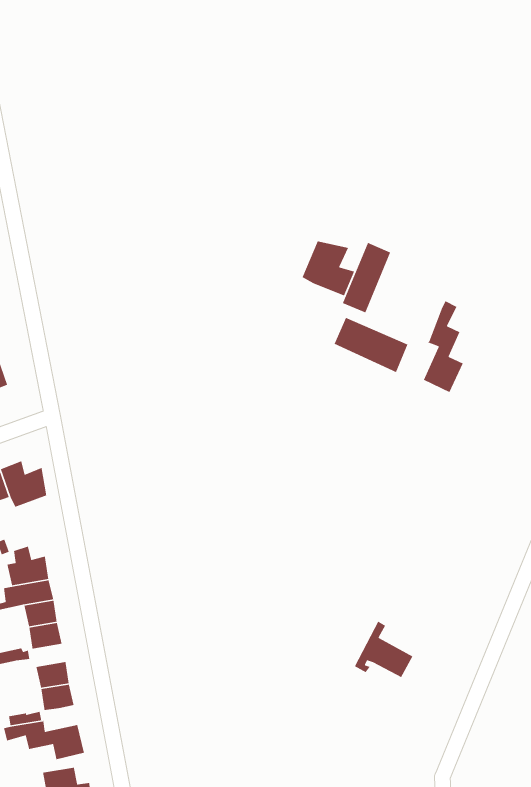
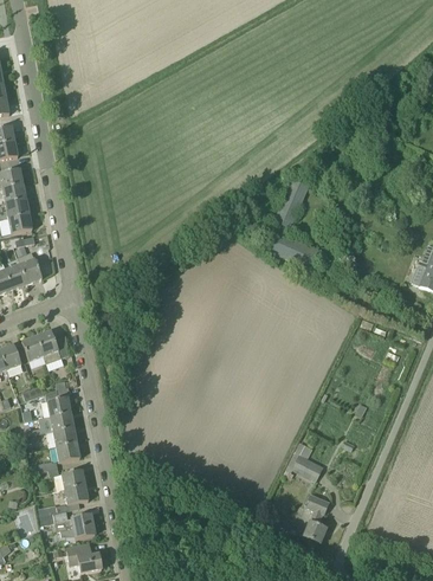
building: [302,241,355,296] -> none
building: [423,300,464,393] -> none
building: none -> [303,493,329,542]

